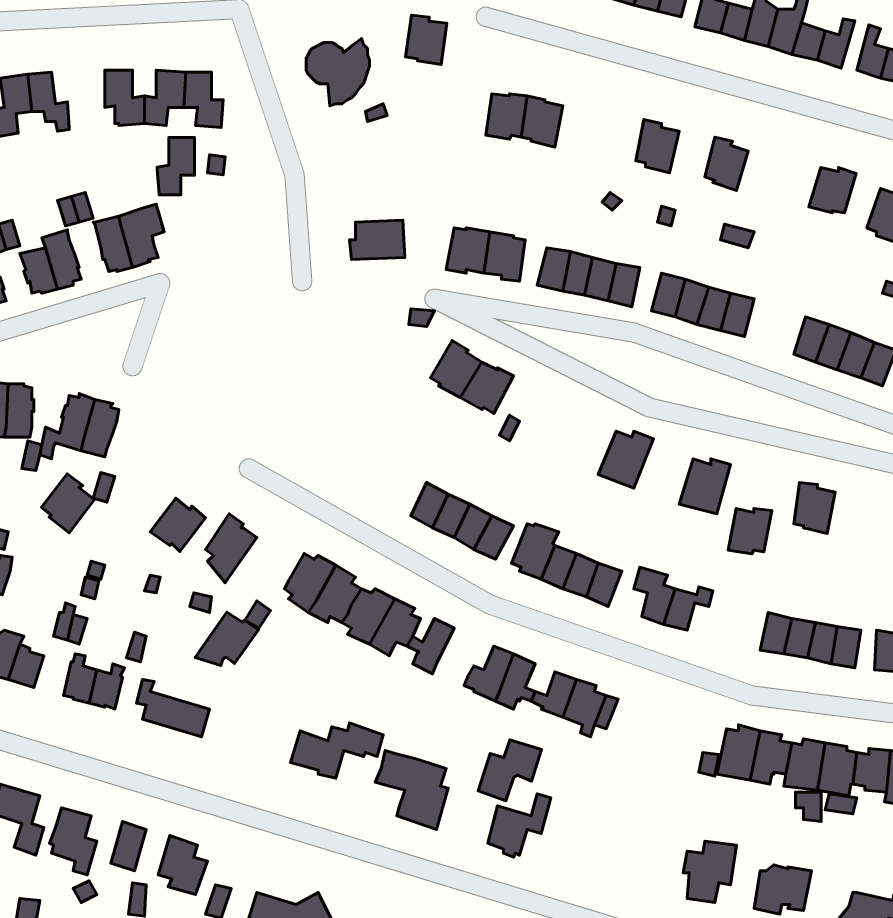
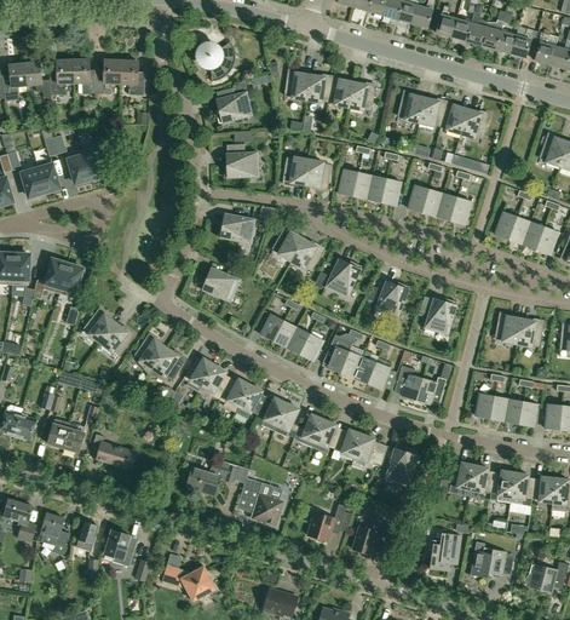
building: [406,15,447,65] -> [284,69,310,99]
building: none -> [349,81,375,109]
building: none -> [215,92,249,122]
building: none -> [419,97,447,126]
building: [157,138,195,195] -> [50,59,73,94]
building: [809,167,856,213] -> [460,109,489,137]
building: none -> [217,213,253,242]
building: none -> [326,258,361,294]
building: none -> [198,266,237,300]
building: [41,474,95,533] -> [84,306,116,343]
building: [728,509,772,554] -> [516,318,542,346]
building: [195,612,258,665] -> [146,346,185,379]
building: none -> [274,402,299,437]
building: none -> [385,447,418,482]
building: [478,740,541,801] -> [352,517,391,555]

